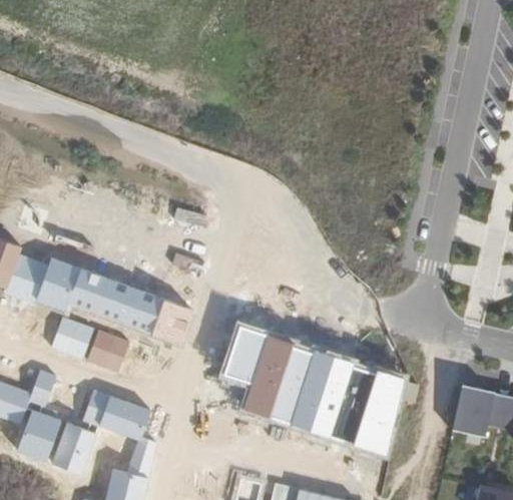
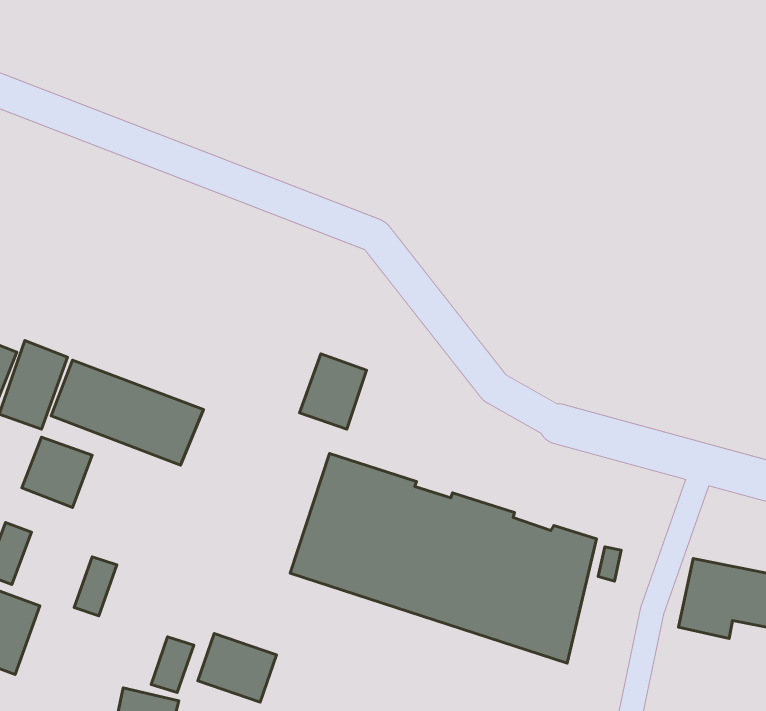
building: [152,299,193,345] -> [299,354,367,429]
building: [87,330,130,373] -> none
building: [100,396,148,438] -> [198,633,277,702]
building: [52,422,97,474] -> none

